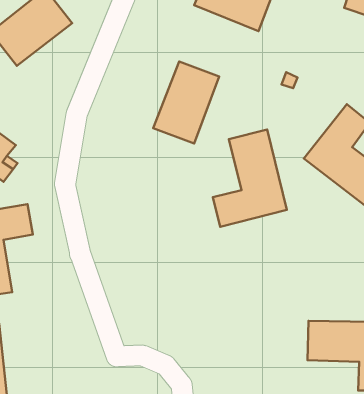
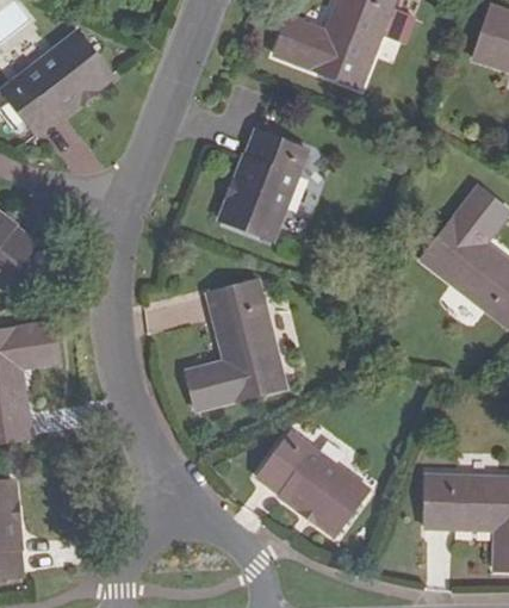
building: [213,130,287,227] -> [186,280,285,410]
building: none -> [256,432,367,535]

